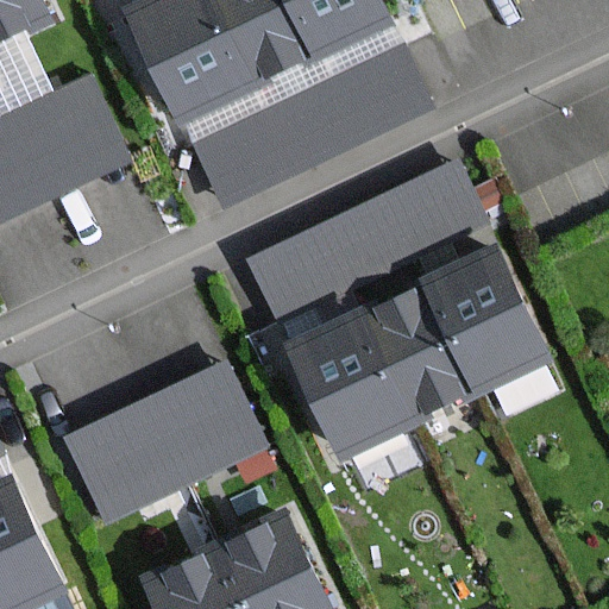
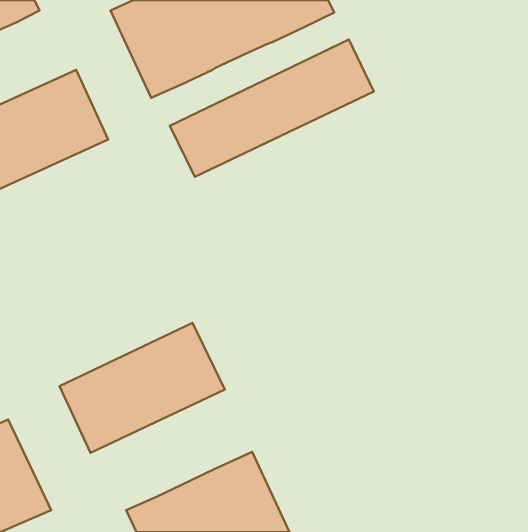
building: [250,167,478,318] -> none
building: [284,247,542,450] -> none

